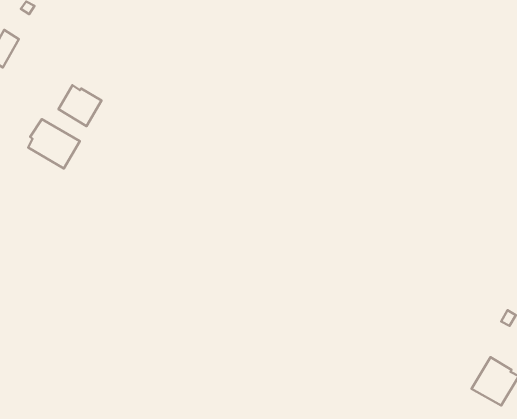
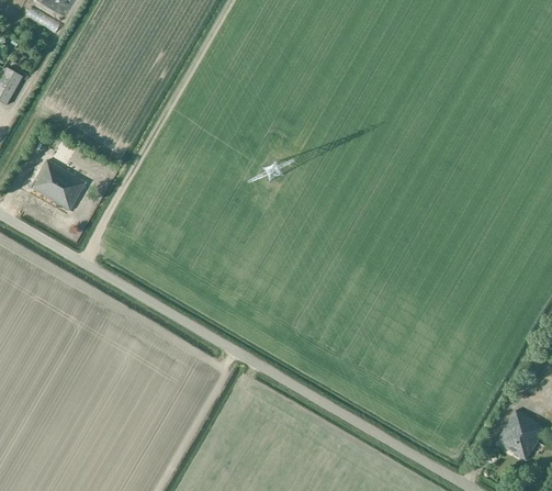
building: [59,85,101,126] -> none

